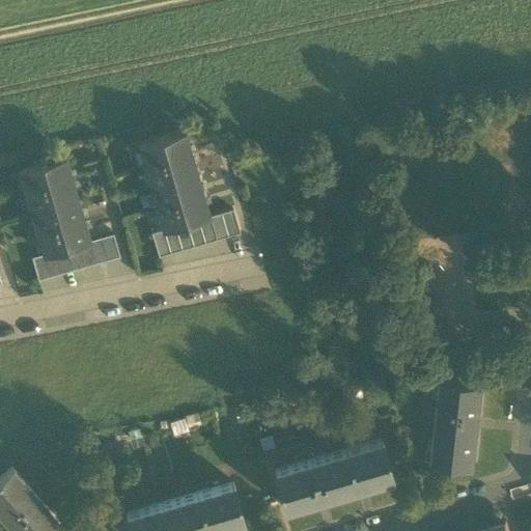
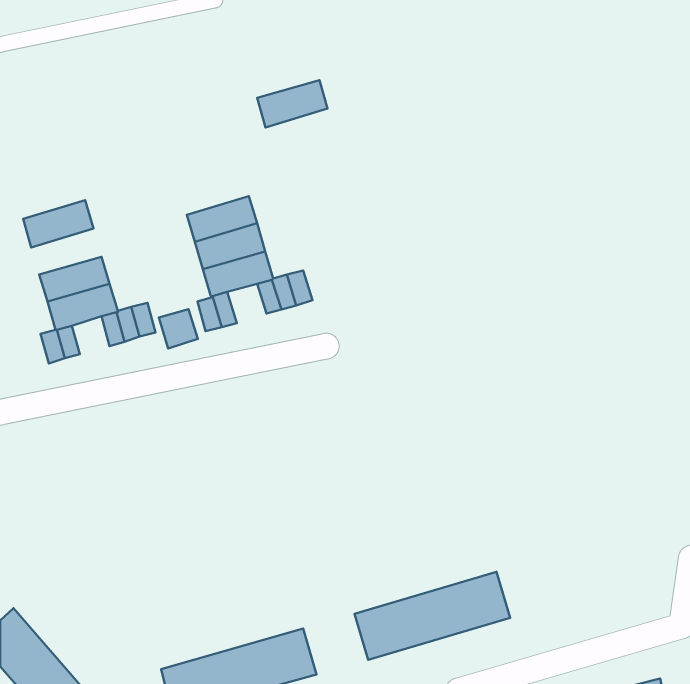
building: [138,134,192,170] -> [257,80,328,127]
building: [25,180,79,216] -> none
building: [175,223,205,253] -> [159,309,198,348]
building: [56,248,85,277] -> none
building: [435,385,481,471] -> none

